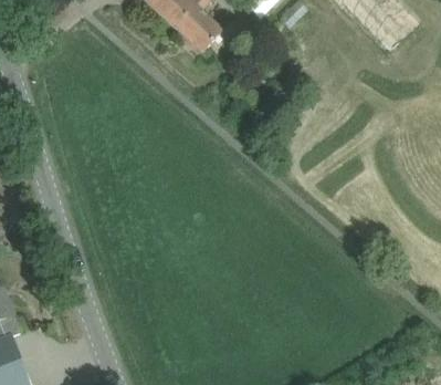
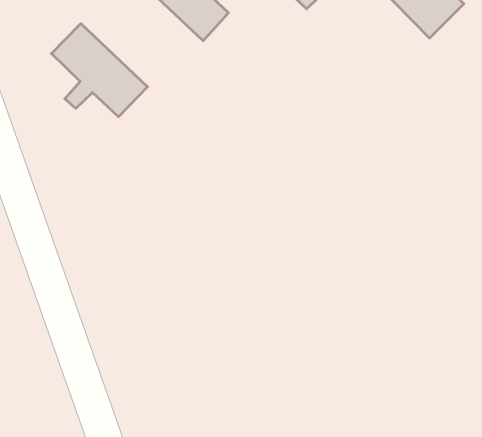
building: none -> [51,24,148,117]

